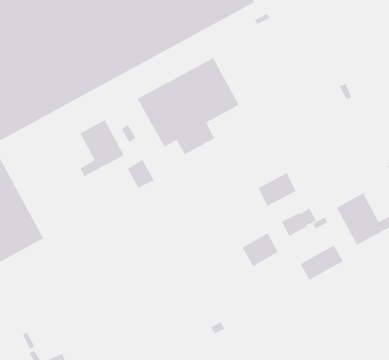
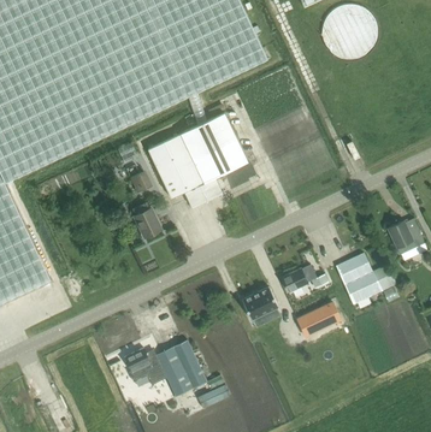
building: [79,119,125,177] -> none
building: [257,172,297,207] -> none
building: none -> [125,338,207,396]

